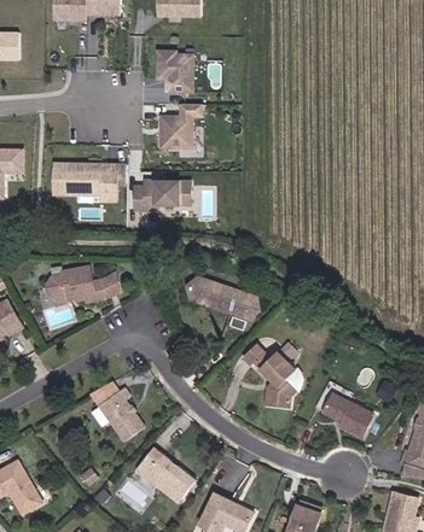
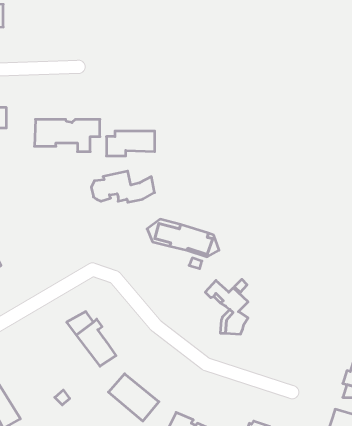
building: [158,52,194,93] -> none
building: [162,106,203,151] -> none
building: [45,265,116,300] -> [91,171,155,202]
building: [318,380,370,433] -> none

